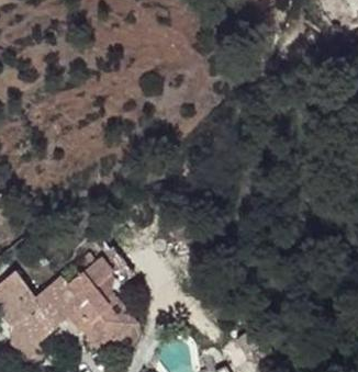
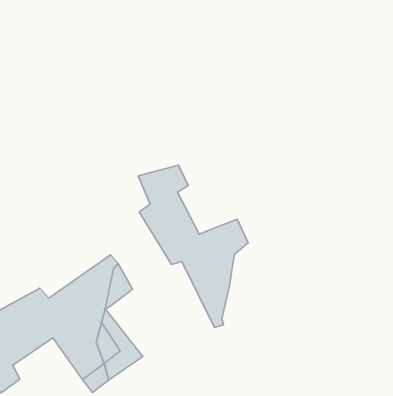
building: none -> [138,165,248,327]

